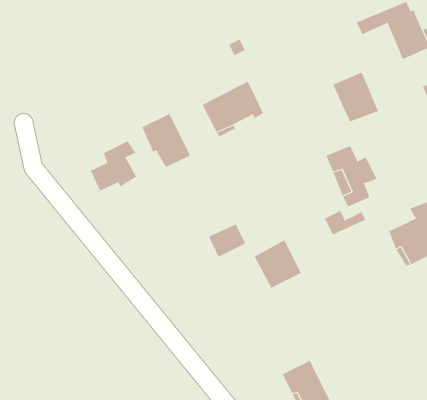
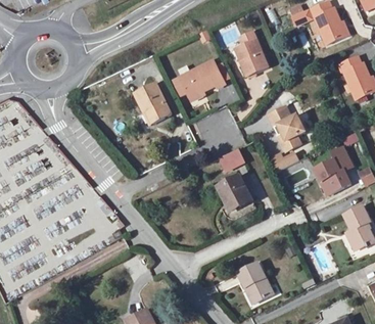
building: [333,72,379,122] -> [234,39,268,76]
building: [90,141,137,191] -> none
building: [208,224,246,257] -> [217,146,244,171]

